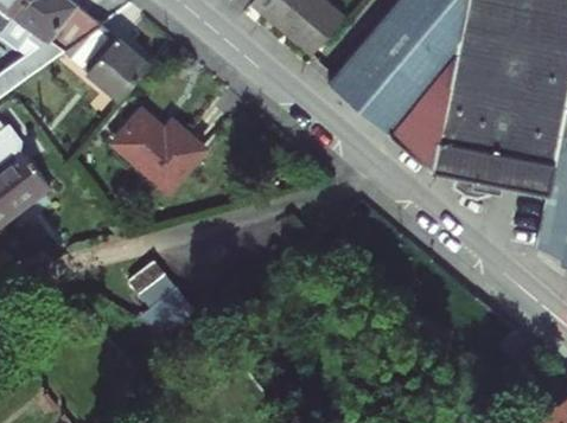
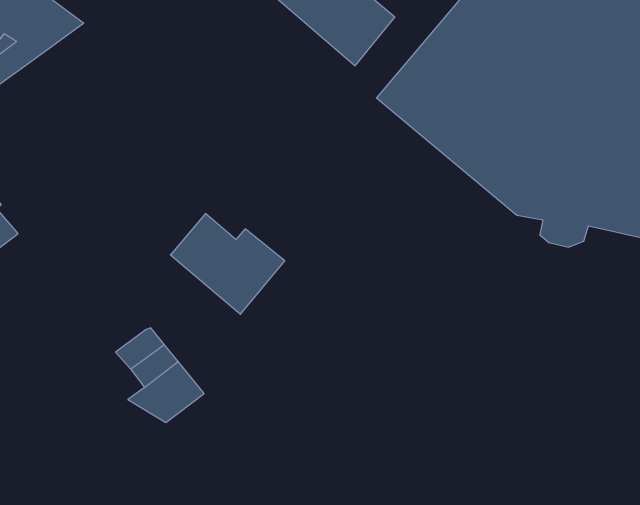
building: [63,24,151,100] -> none
building: [114,111,203,190] -> [170,214,285,314]

